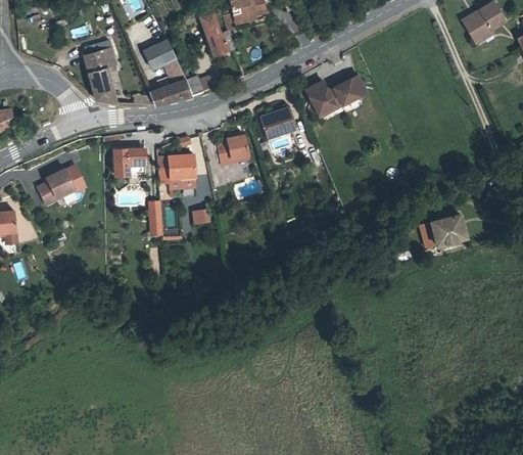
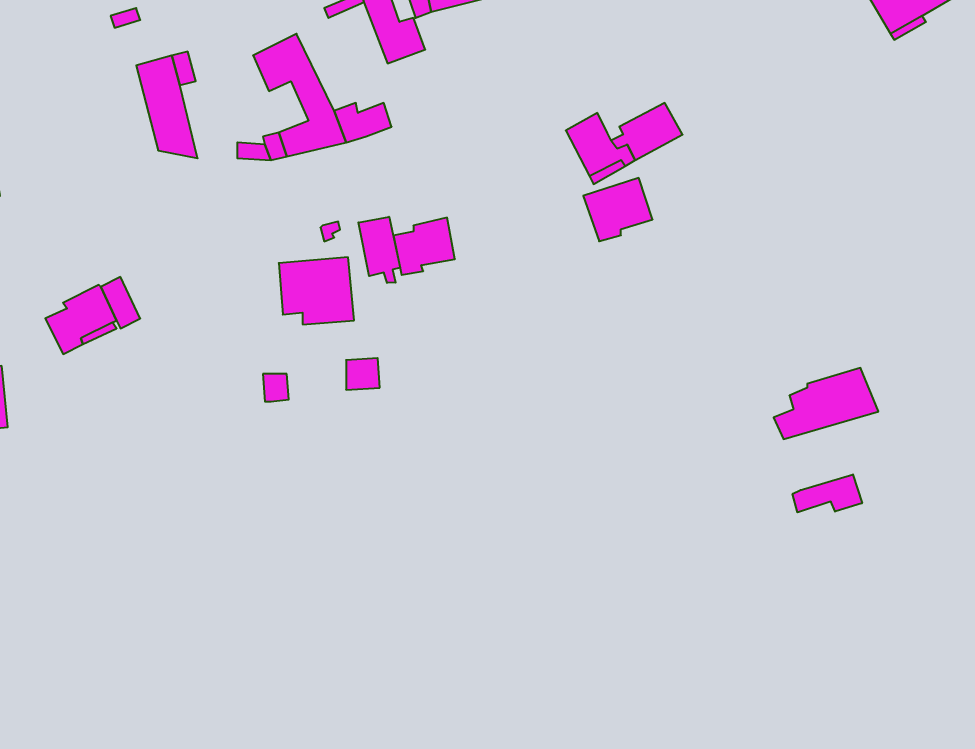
building: [259,107,295,140] -> [583,178,653,241]
building: none -> [358,217,400,283]
building: [113,148,145,175] -> none
building: none -> [793,474,862,512]

